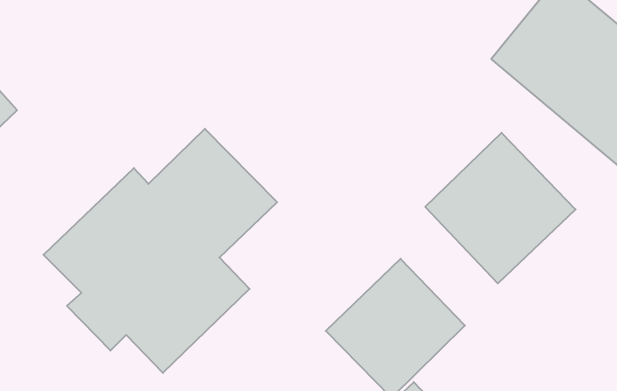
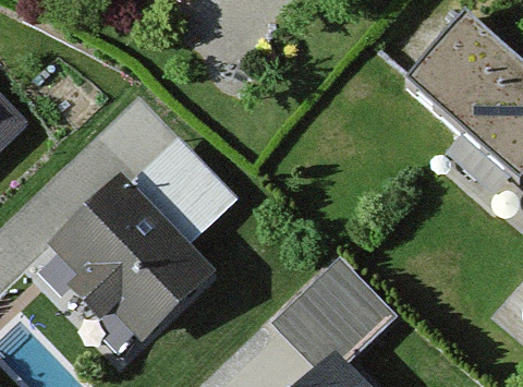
building: [425,133,576,283] -> none

